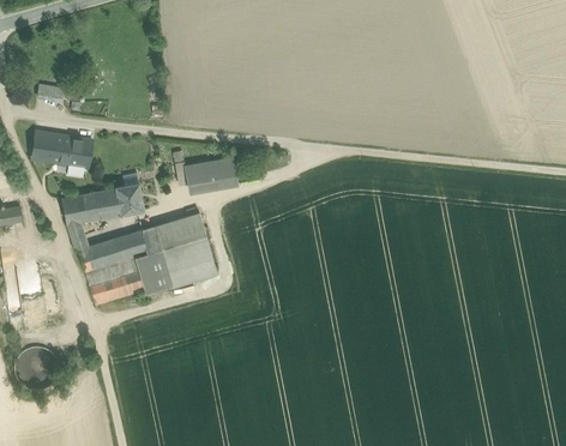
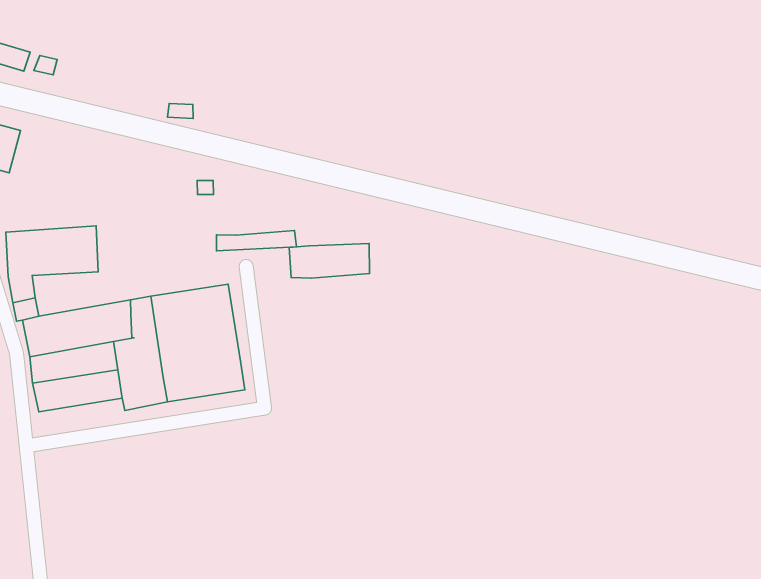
building: [59,137,92,168] -> none
building: [185,158,235,185] -> [289,243,369,278]
building: [115,174,144,216] -> none

